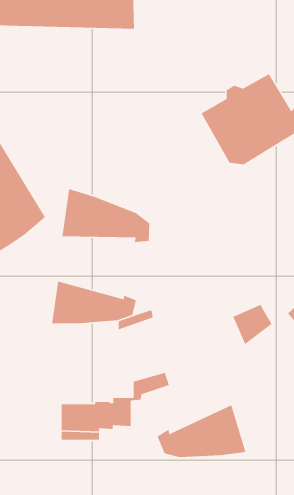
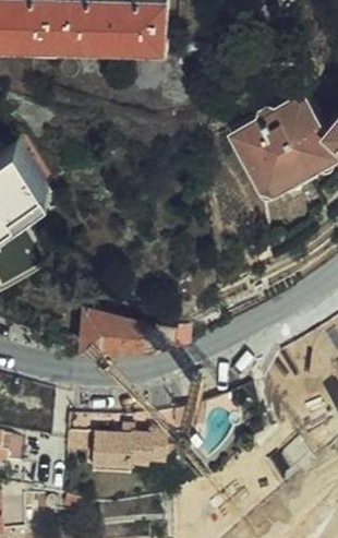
building: [61,188,150,243] -> none
building: [156,404,247,458] -> none

